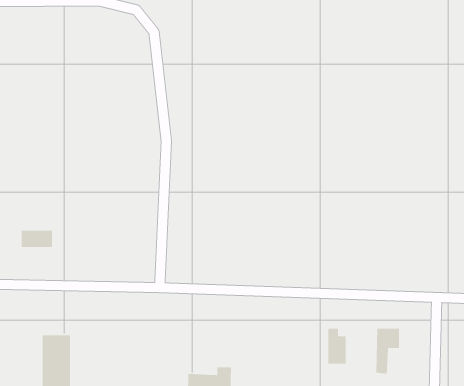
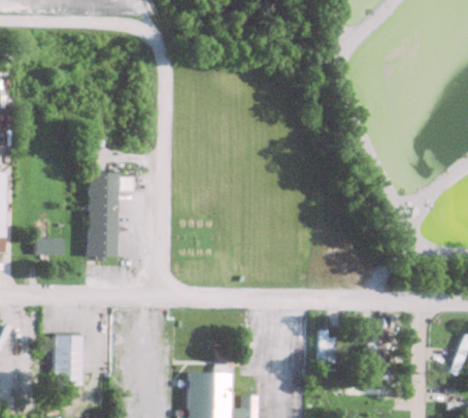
building: none -> [89,172,118,256]

